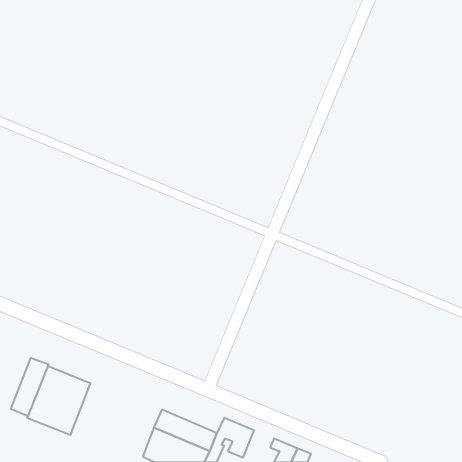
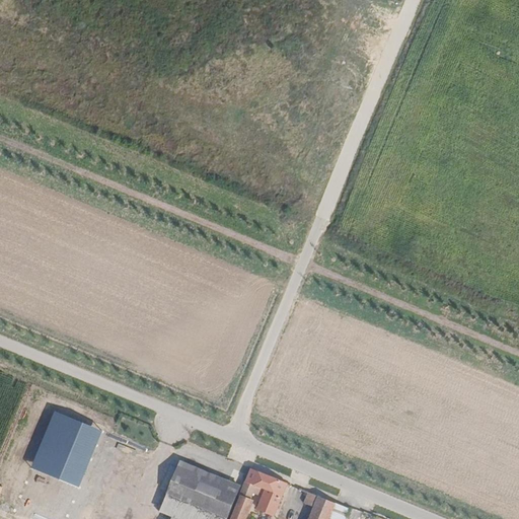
building: [11,358,48,416] -> none

